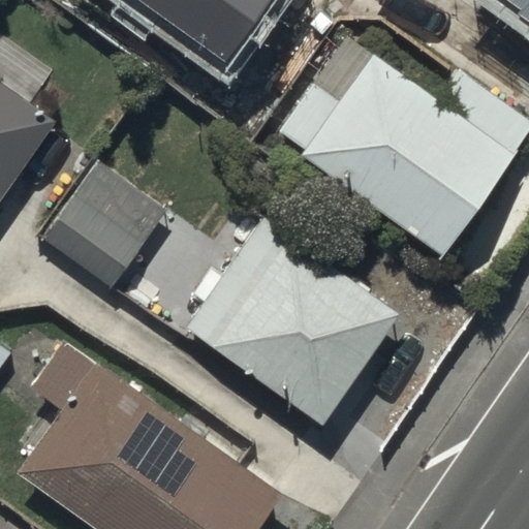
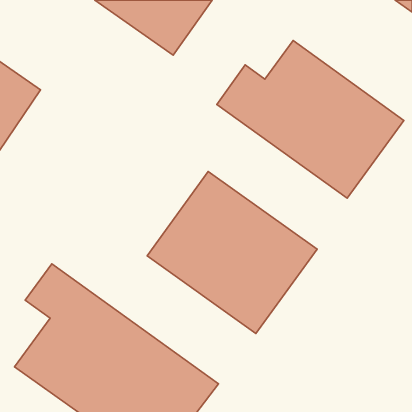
building: [34,161,162,293] -> none

